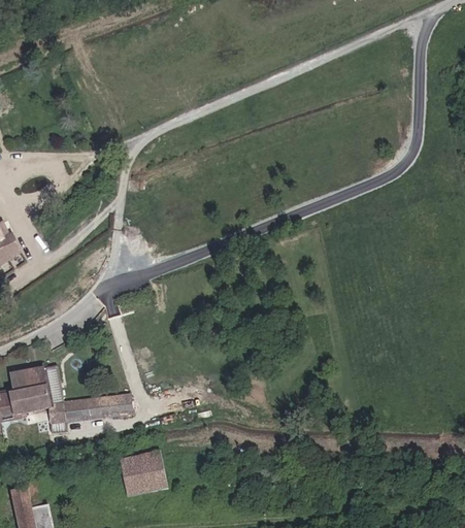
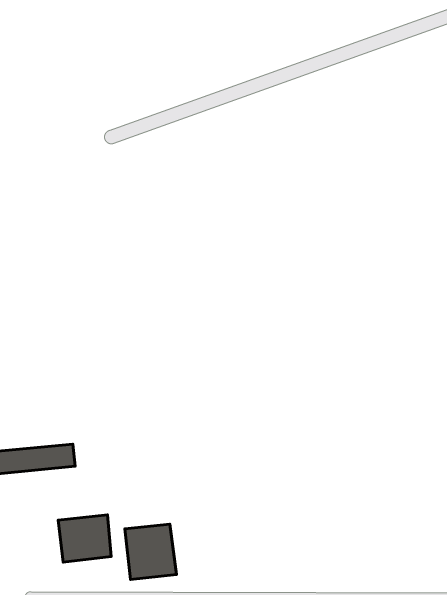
building: none -> [125,524,177,580]

